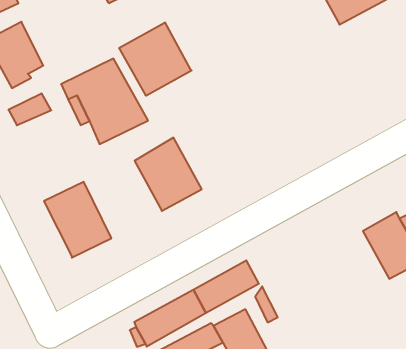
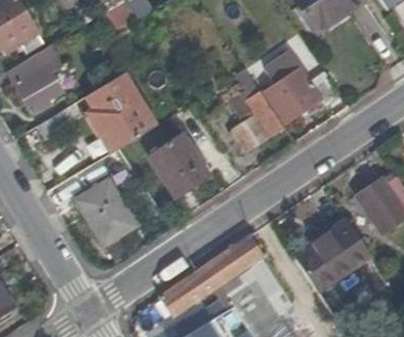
building: [119,22,192,96] -> none
building: none -> [265,61,342,122]
building: none -> [231,93,282,150]
building: none -> [288,225,364,296]

